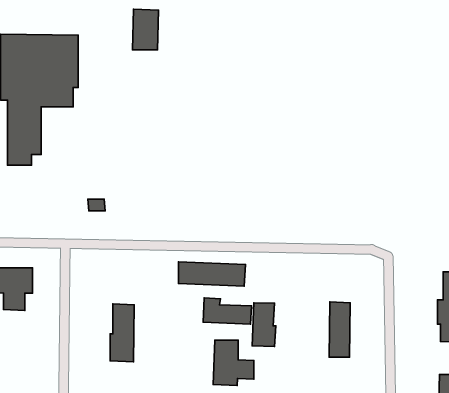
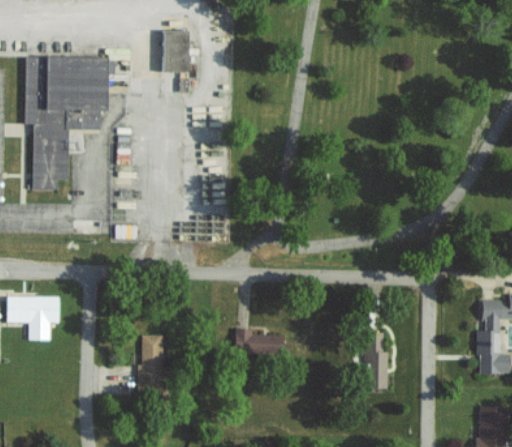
building: [178,262,245,286] -> none
building: [252,303,276,346] -> none
building: [213,340,254,385] -> none

